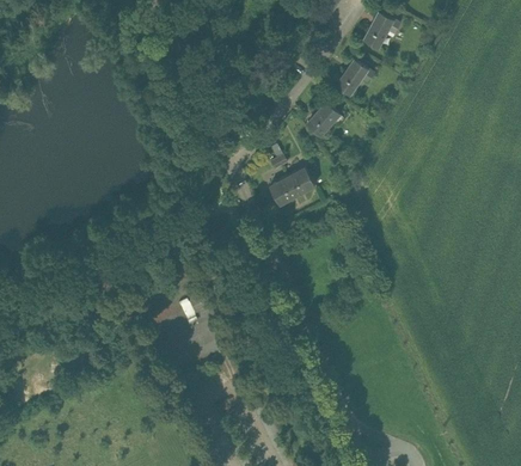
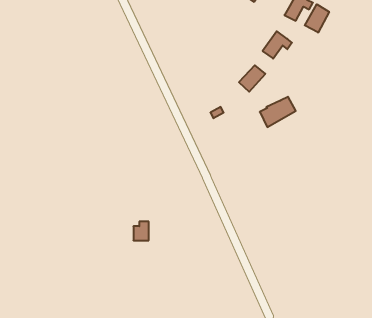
building: none -> [305,4,329,33]
building: [269,168,314,207] -> [260,97,296,127]

